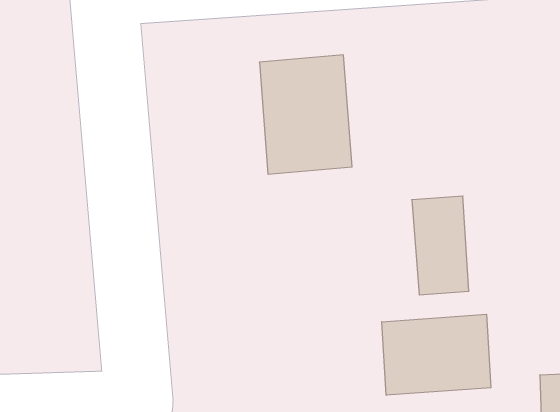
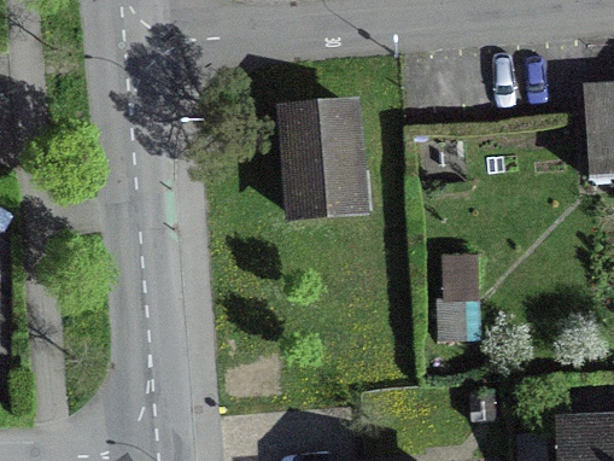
building: [382,314,491,395] -> none

